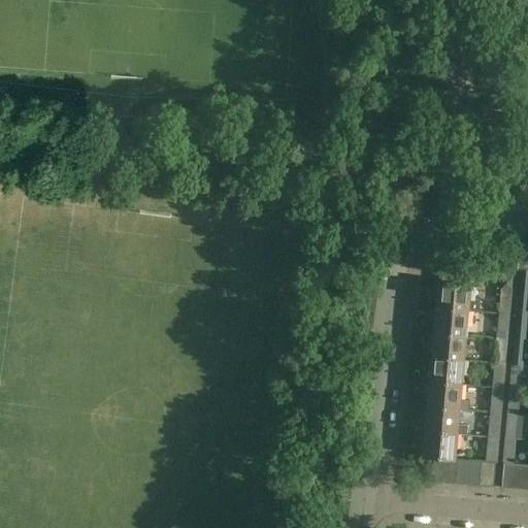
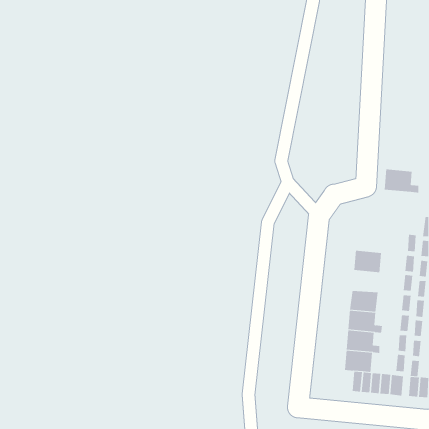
building: [436,282,480,311] -> [384,169,419,193]
building: [432,332,467,359] -> none

